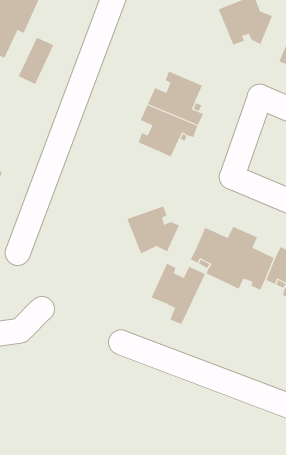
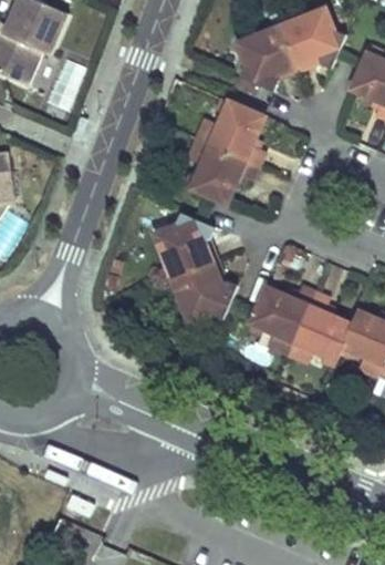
building: none -> [238,25,299,90]
building: none -> [157,212,217,275]
building: [151,263,206,325] -> none

